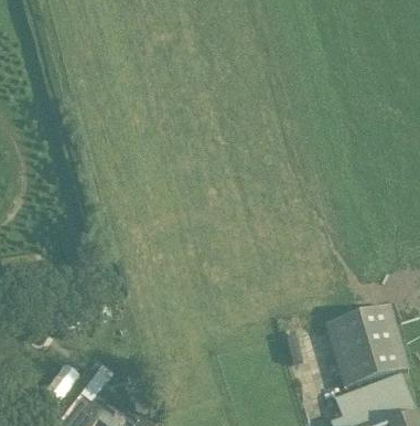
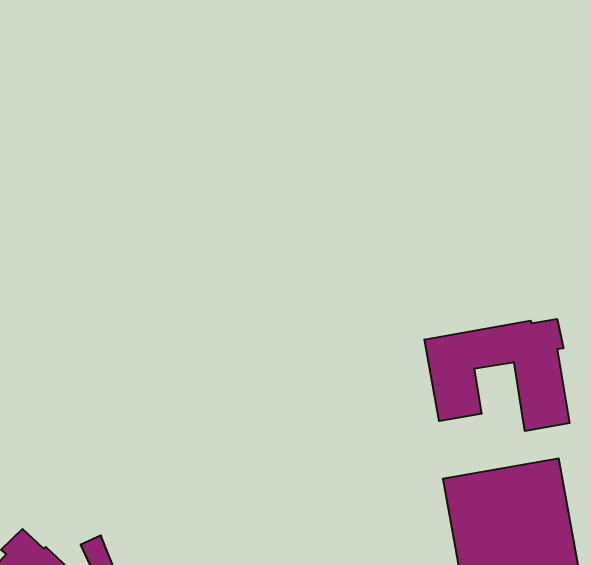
building: none -> [424,319,570,431]

